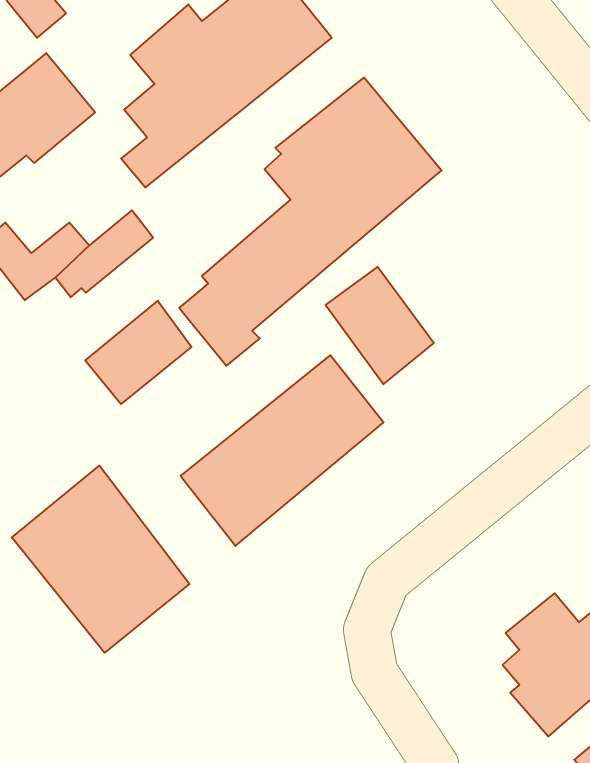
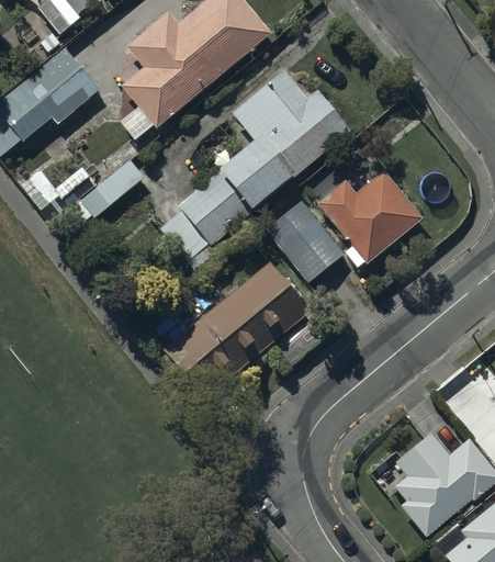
building: none -> [317,170,423,267]
building: [85,301,191,404] -> none
building: [12,466,189,653] -> none

